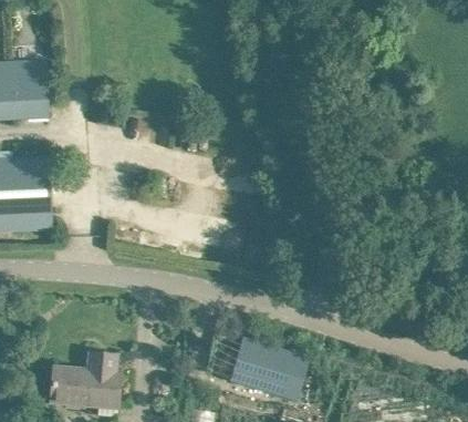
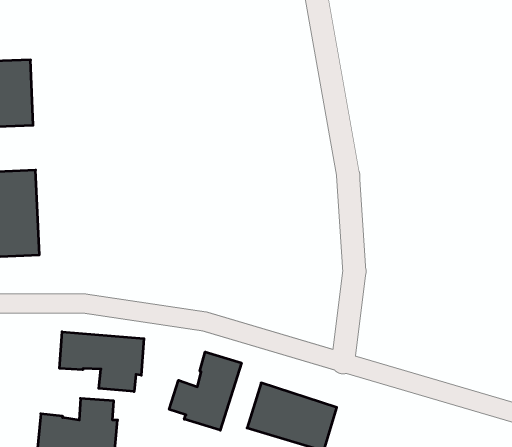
building: none -> [60,332,144,392]
building: none -> [169,352,241,430]

